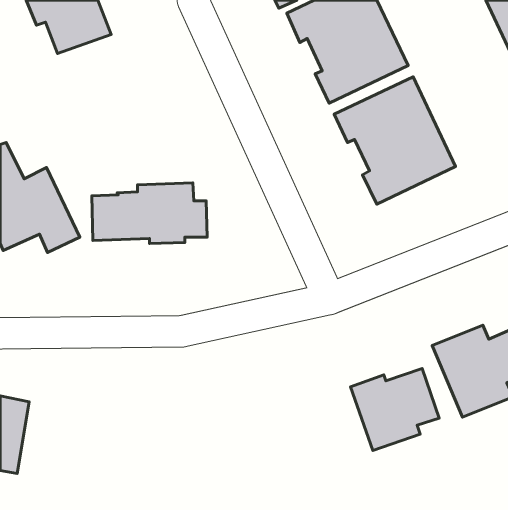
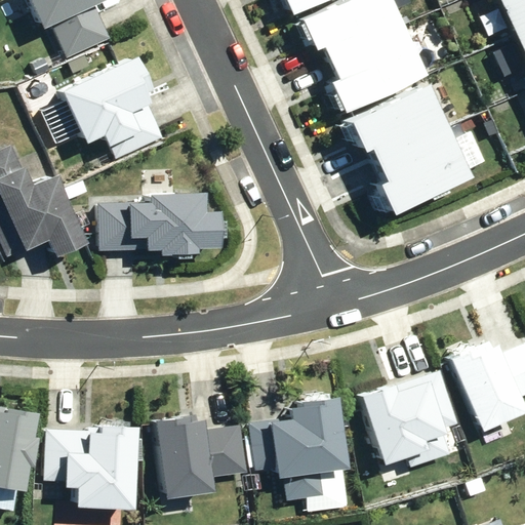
building: none -> [59,50,167,161]
building: none -> [270,397,346,498]
building: none -> [156,409,253,500]
building: none -> [48,421,136,508]

